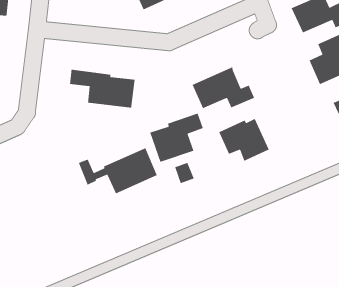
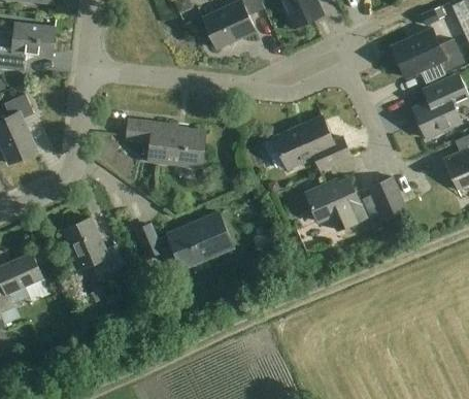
building: [149,112,204,163] -> none
building: none -> [368,175,408,221]
building: none -> [63,217,125,272]

